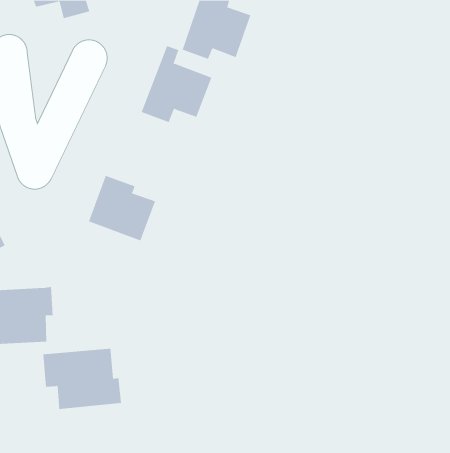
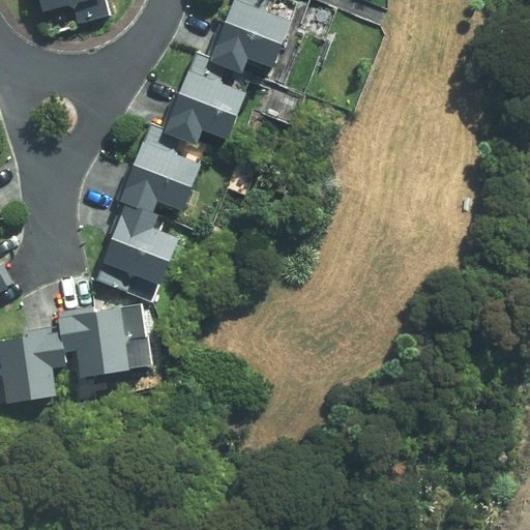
building: none -> [119,125,202,212]
building: [42,348,122,410] -> [60,304,152,376]

